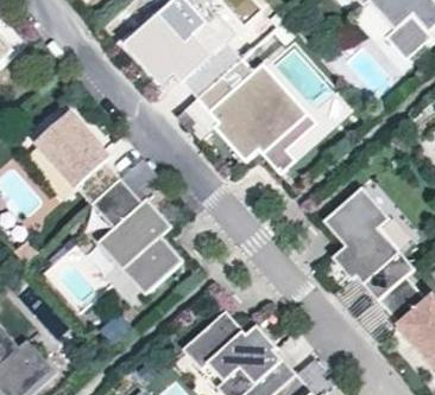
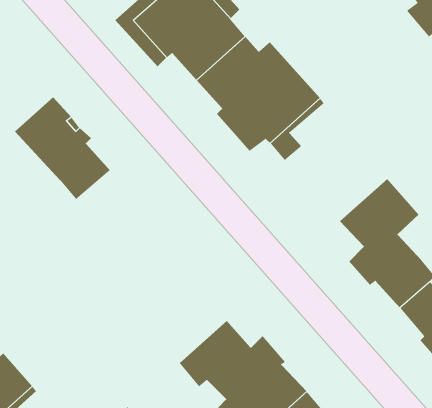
building: [89,177,182,293] -> none

